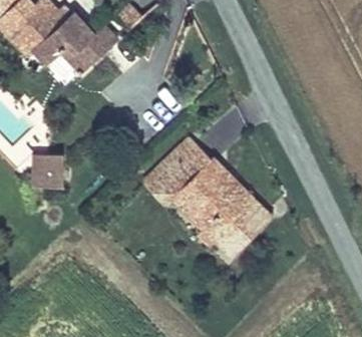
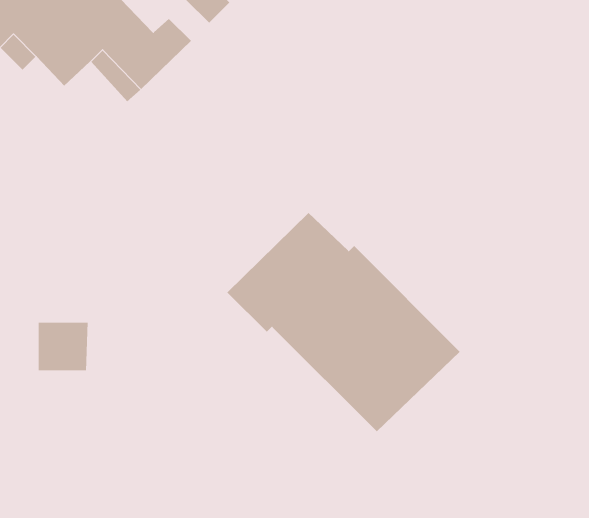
building: [32,154,61,183] -> [38,322,89,371]

